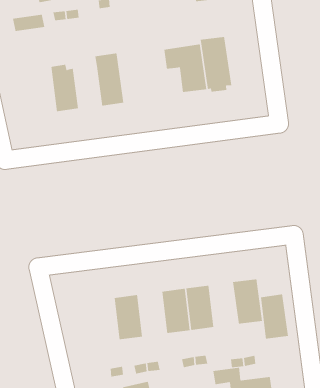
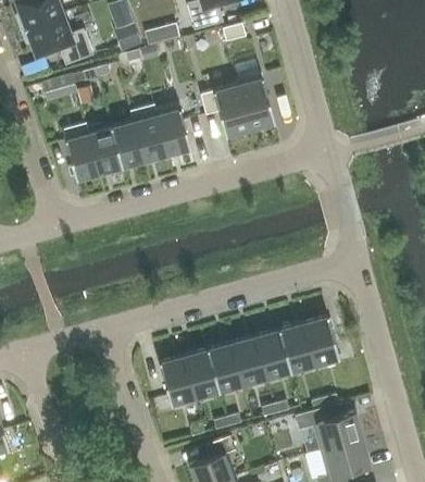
building: none -> [154,103,190,156]
building: none -> [111,112,145,168]
building: none -> [62,124,99,181]
building: none -> [208,343,242,392]
building: [260,294,289,339] -> [279,323,314,372]
building: none -> [159,356,195,406]

